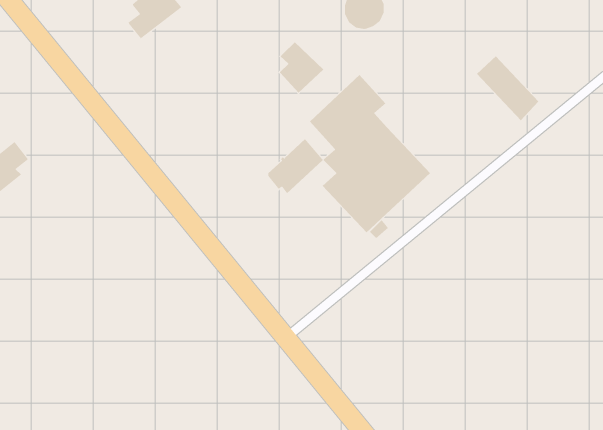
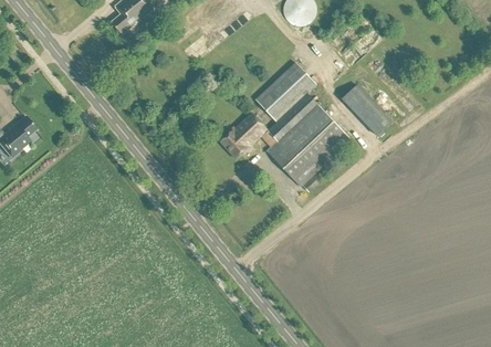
building: [279,41,324,93] -> none
building: [476,56,539,121] -> [341,84,390,136]

